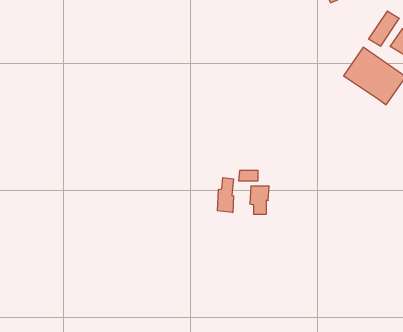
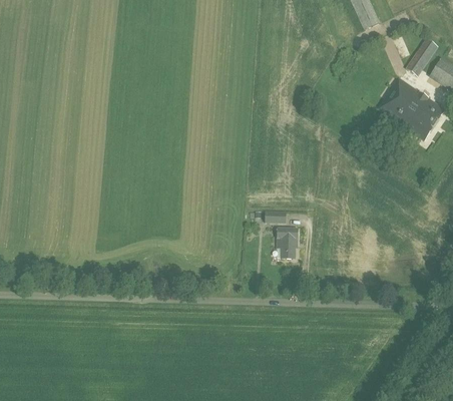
building: [218,178,234,213] -> none

